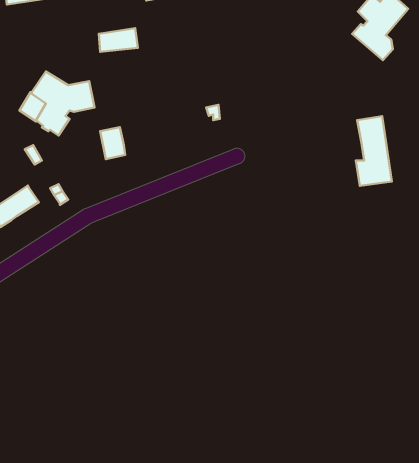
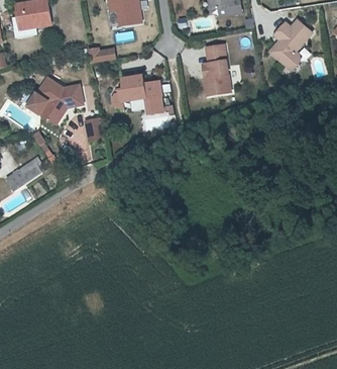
building: none -> [112,76,161,113]
building: [356,116,392,186] -> [204,43,230,94]

